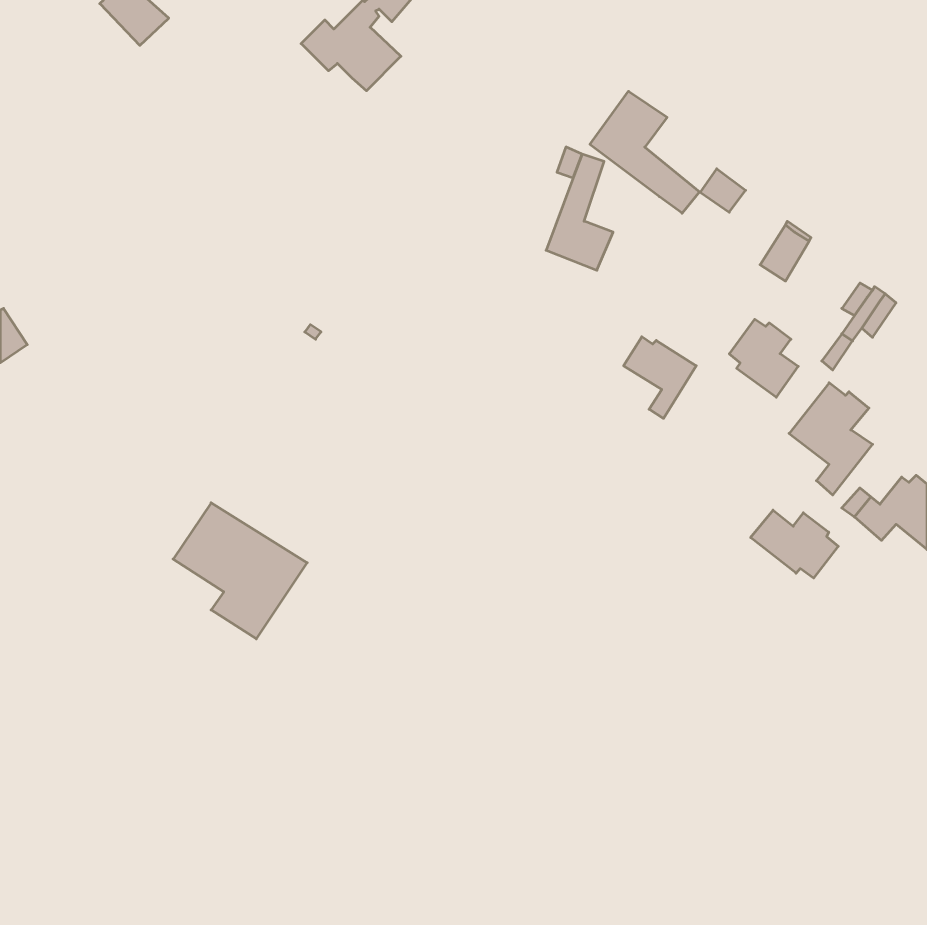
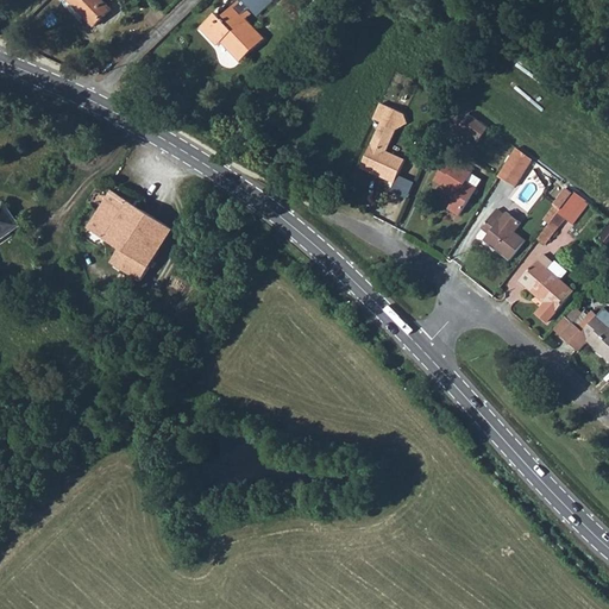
building: [590,91,699,213] -> none
building: [624,337,696,418] -> [432,162,479,215]
building: [173,503,307,639] -> [87,190,175,280]
building: [751,510,838,578] -> none

